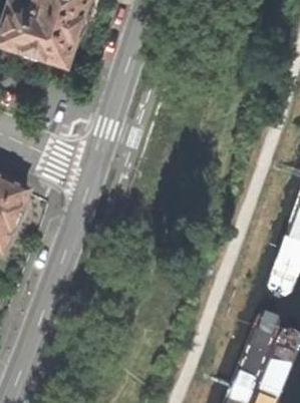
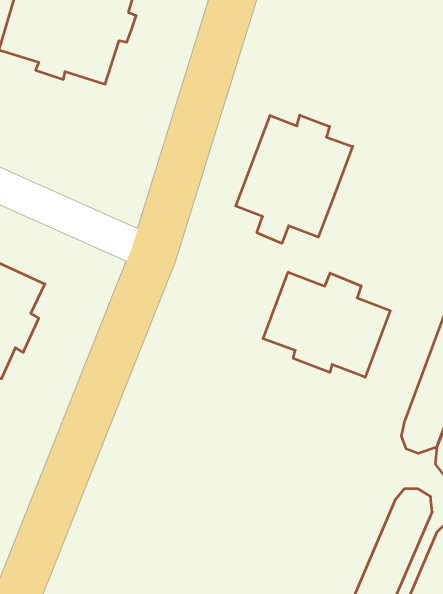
building: none -> [236,115,353,243]
building: none -> [263,272,390,377]

